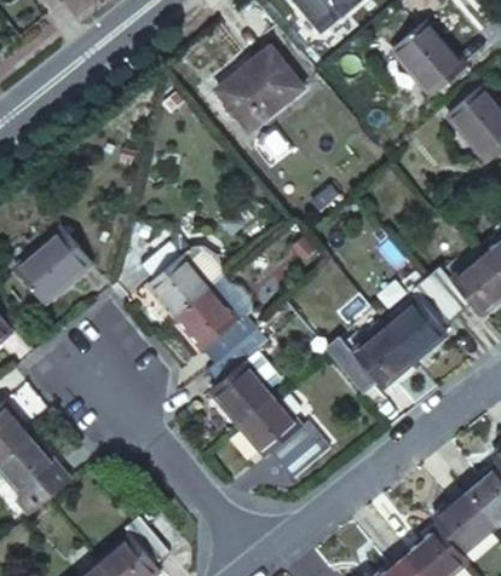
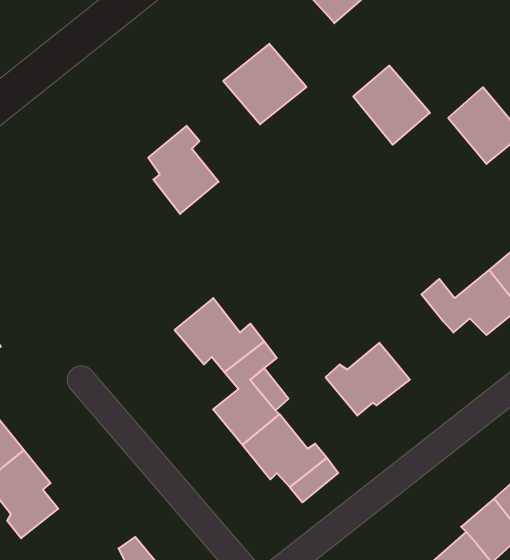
building: [380,25,453,100] -> [353,66,430,145]
building: [19,235,93,307] -> none
building: [146,236,213,319] -> [148,126,219,214]
building: [370,286,440,367] -> none

